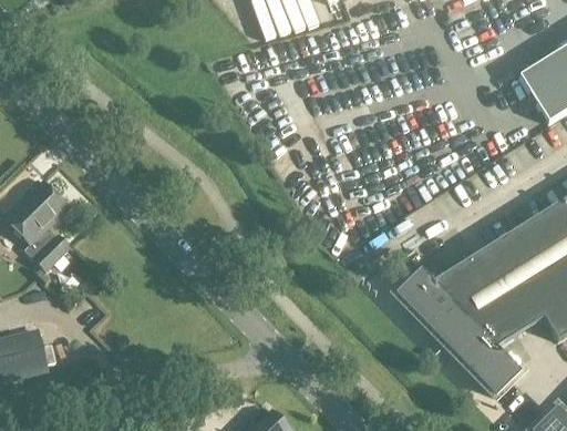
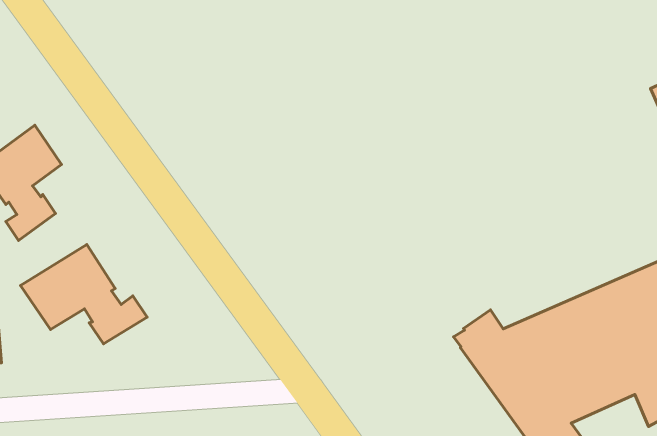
building: none -> [21,245,147,344]

